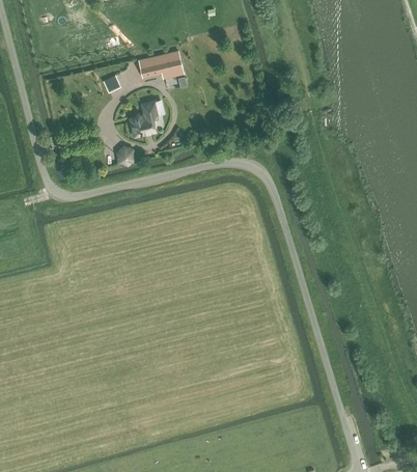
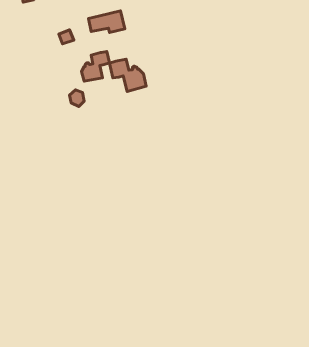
building: none -> [110,59,146,92]

